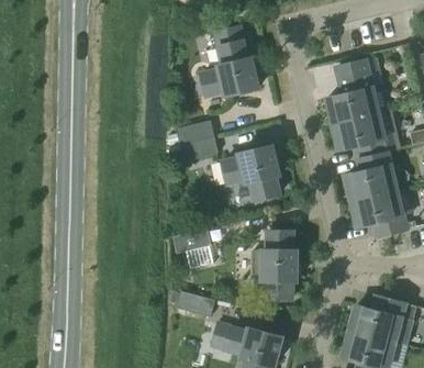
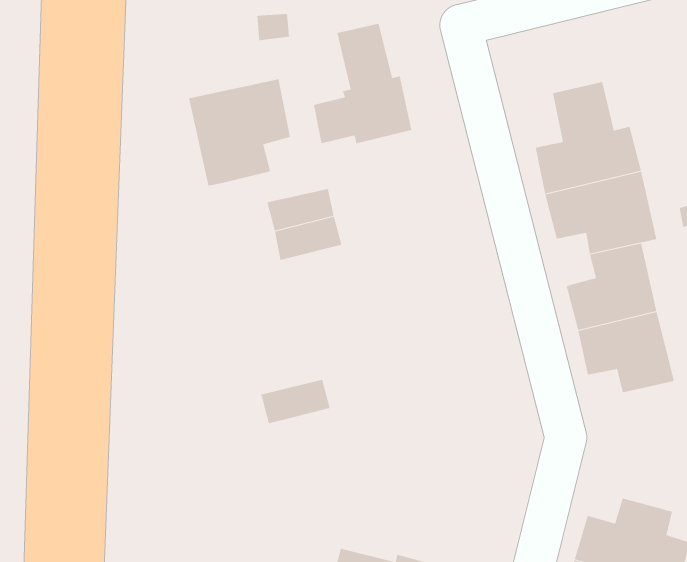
building: none -> [189,79,290,186]
building: [223,145,280,200] -> none
building: [252,231,298,299] -> none
building: [176,291,215,317] -> none

